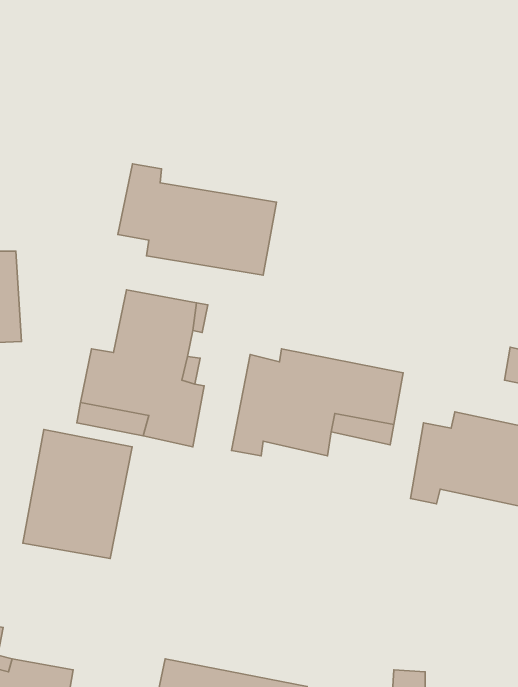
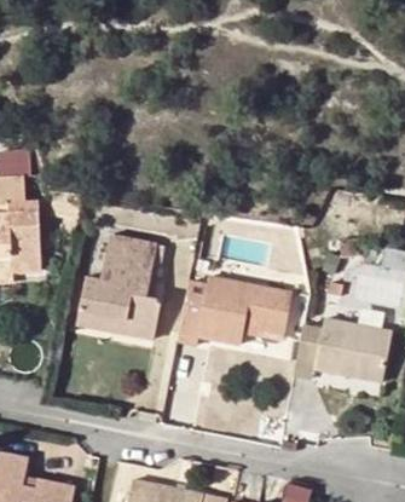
building: [118,164,277,275] -> none
building: [23,429,132,559] -> none

